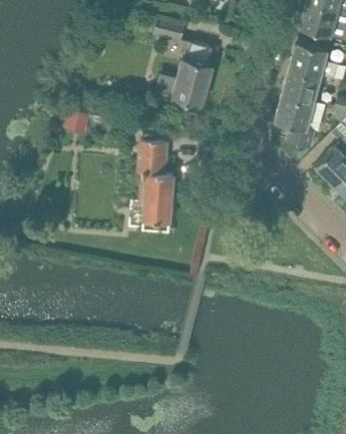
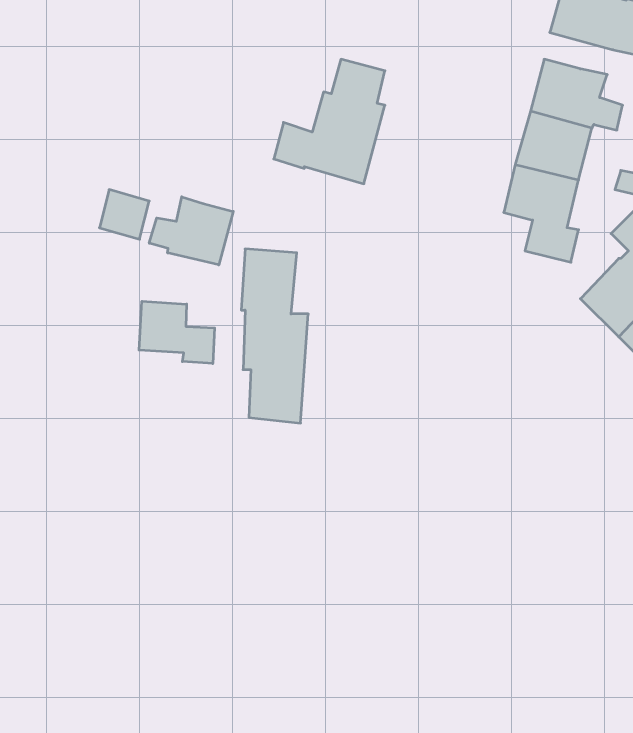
building: [152,17,185,42] -> none
building: none -> [149,197,233,265]
building: none -> [139,301,215,364]

